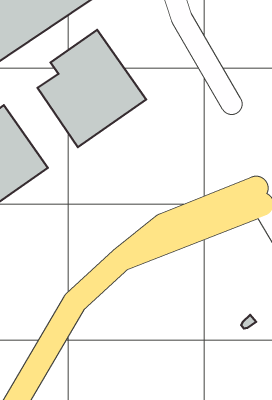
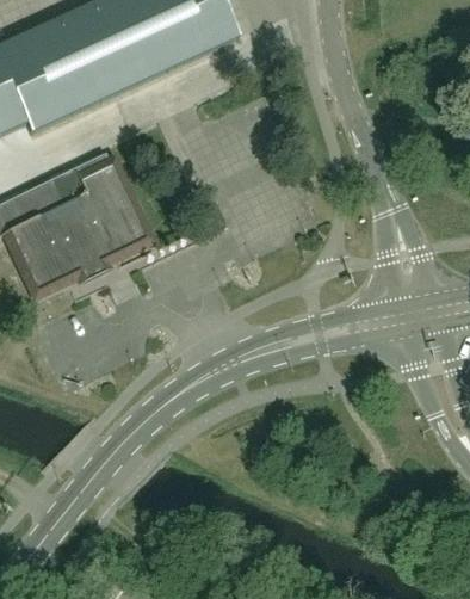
building: [38,30,146,147] -> none

